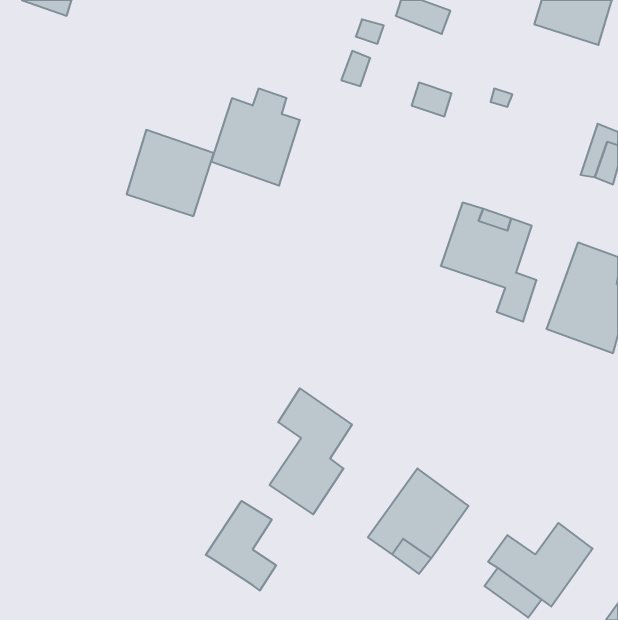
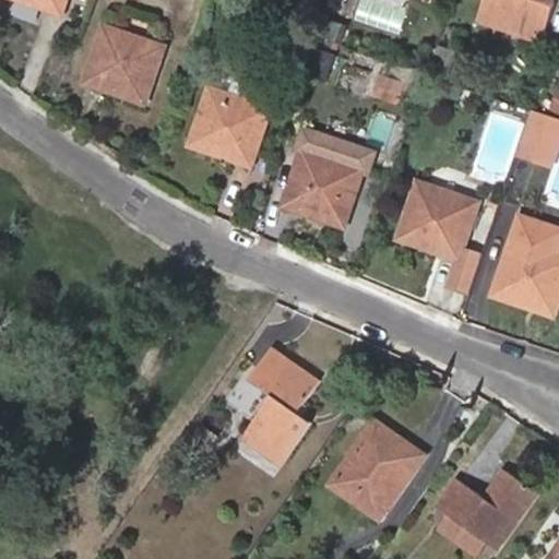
building: [127,130,214,216] -> [84,26,163,104]
building: none -> [284,136,362,228]
building: [206,501,276,591] -> none

